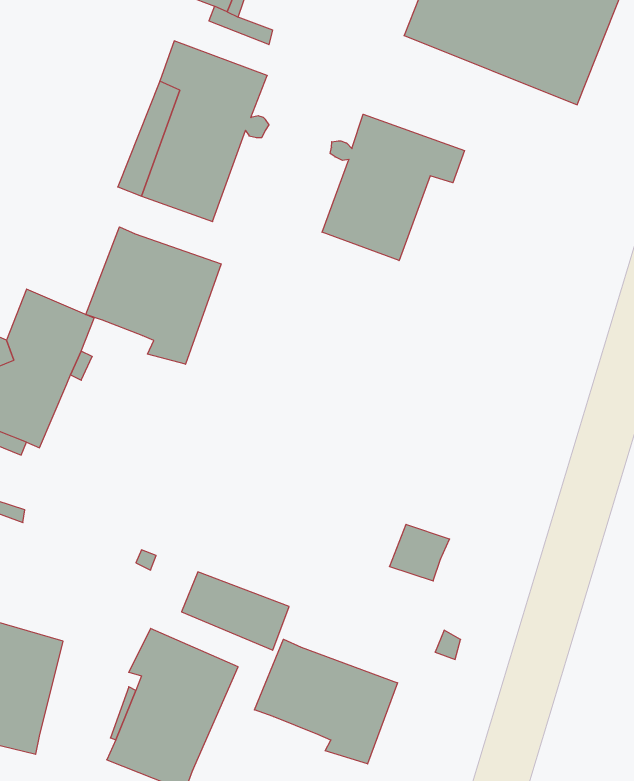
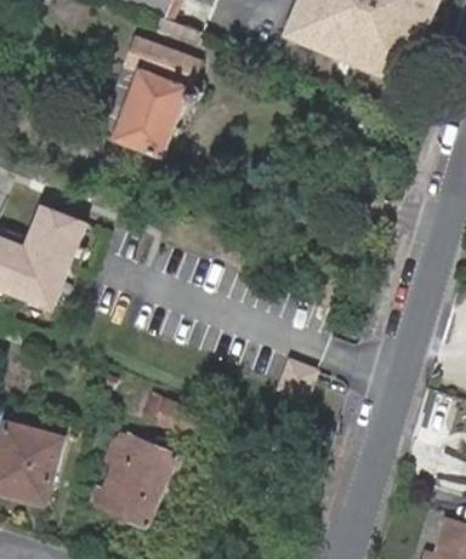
building: [322,114,465,261] -> none
building: [86,227,221,364] -> none
building: [254,639,398,764] -> none

